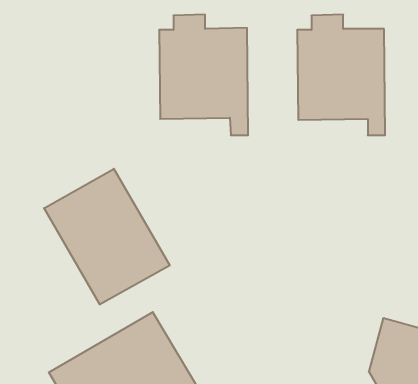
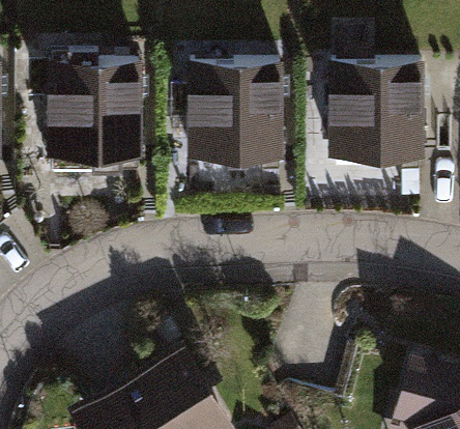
building: none -> [50,52,139,173]
building: [44,169,170,305] -> none

